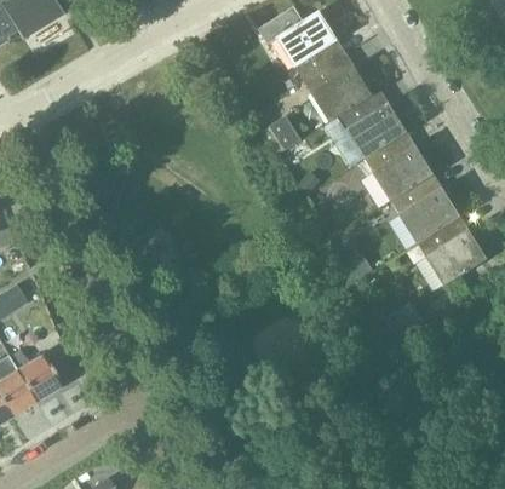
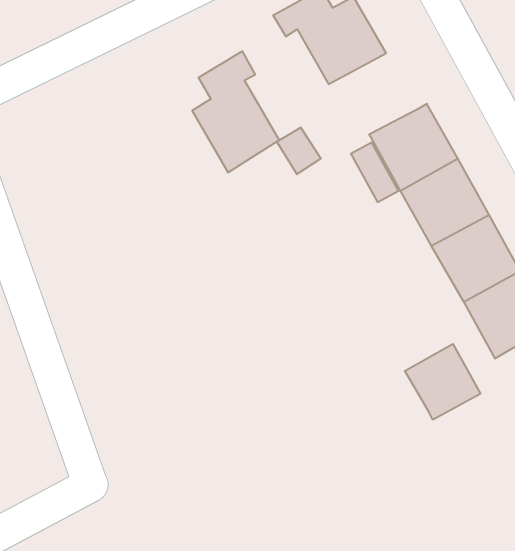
building: [303,53,373,122] -> none
building: none -> [192,51,279,173]
building: none -> [405,344,480,420]

